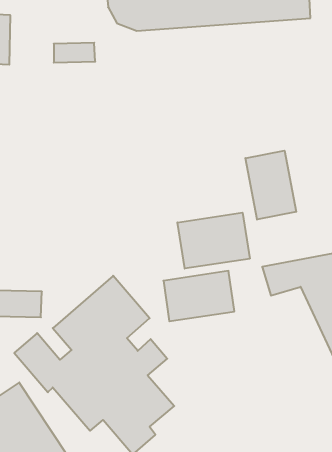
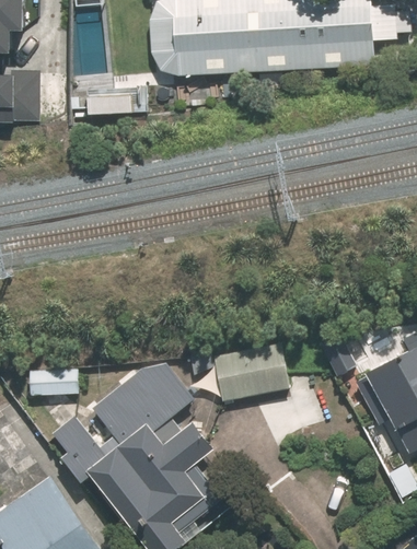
building: [245,151,296,220] -> none
building: [177,213,250,269] -> none

